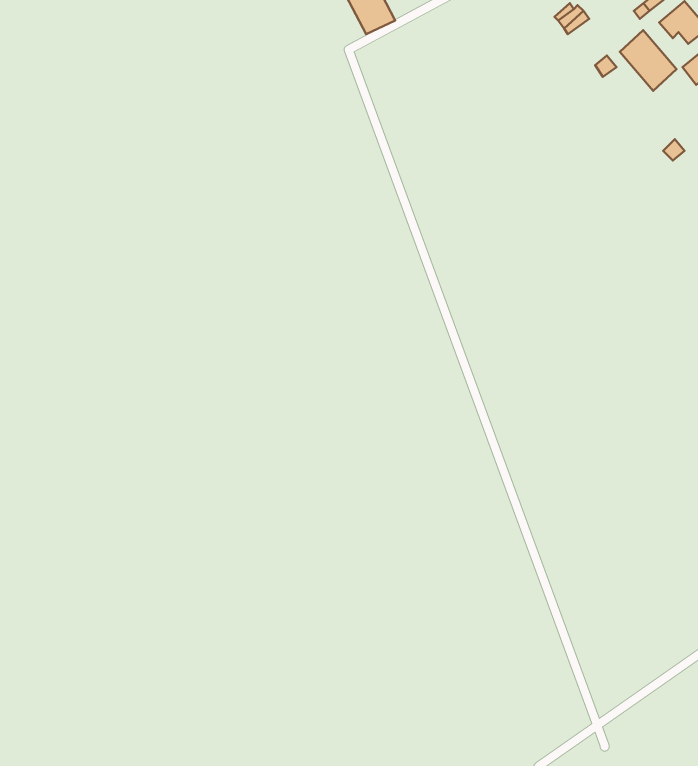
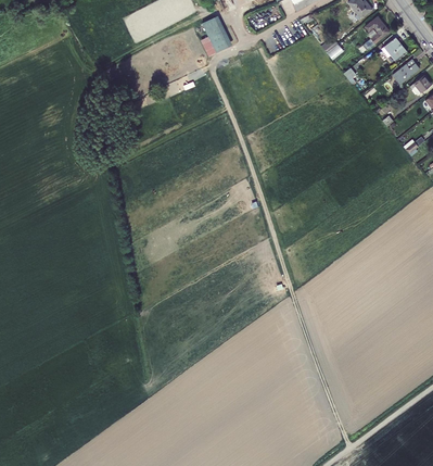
building: [620,30,677,91] -> none

